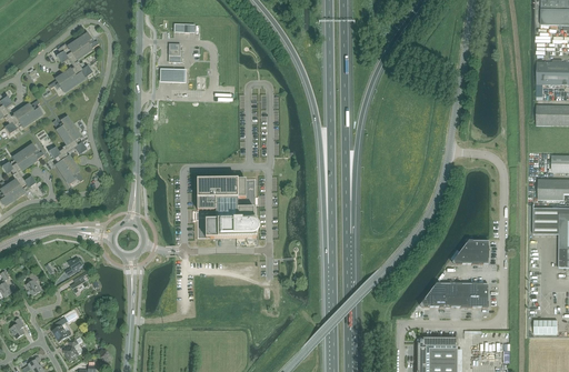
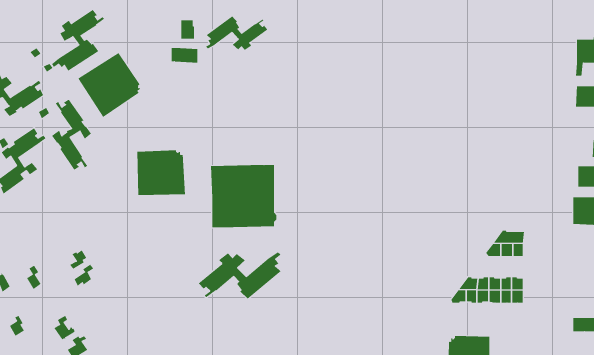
building: none -> [205,16,268,51]
building: none -> [78,52,141,118]
building: none -> [137,149,185,196]
building: none -> [198,251,282,300]

